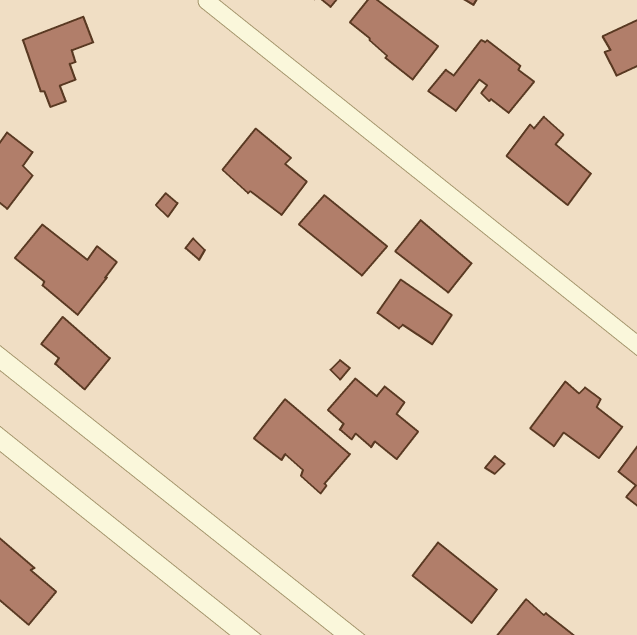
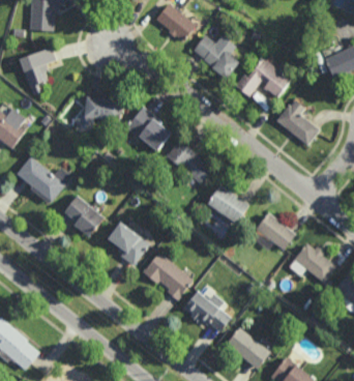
building: none -> [83,97,122,123]
building: [395,220,472,293] -> [255,209,295,247]
building: [41,317,110,389] -> [64,197,100,235]
building: none -> [106,218,149,263]
building: [328,379,418,459] -> [183,288,231,330]

